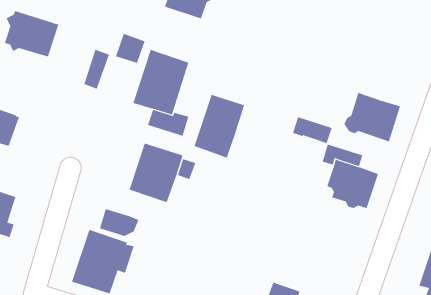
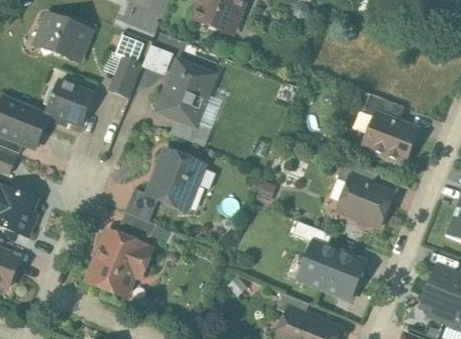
building: none -> [43,80,93,125]
building: [194,94,245,158] -> none
building: [292,116,332,144] -> [364,93,404,121]
building: none -> [124,188,157,220]
building: none -> [297,240,364,299]

